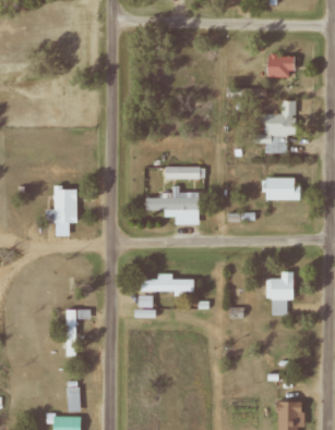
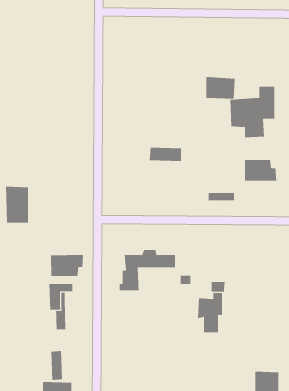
building: [266,56,298,79] -> [205,76,235,99]
building: [52,183,77,222] -> [5,186,29,223]
building: [145,192,201,225] -> none
building: [265,272,292,315] -> [197,293,223,333]
building: none -> [50,254,84,277]

